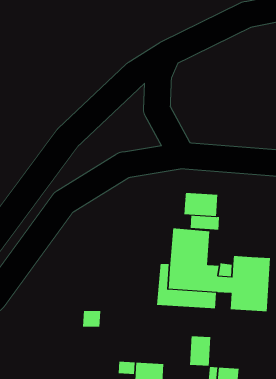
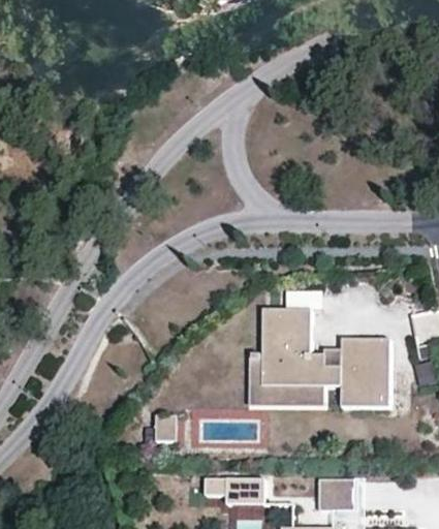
building: [184,192,218,217] -> none
building: [189,335,211,367] -> none

